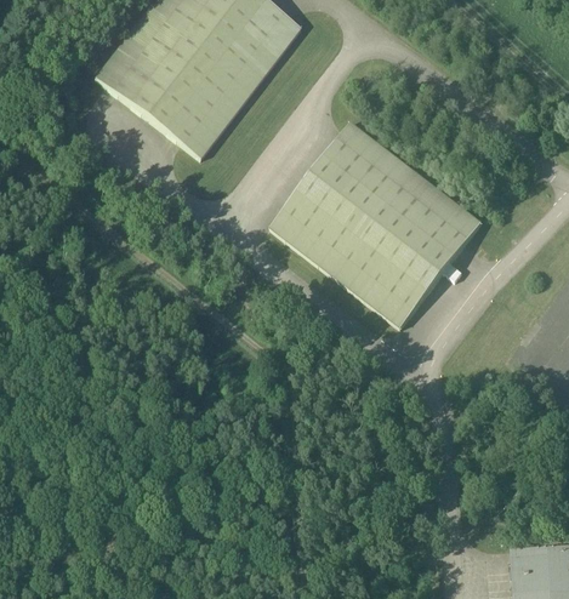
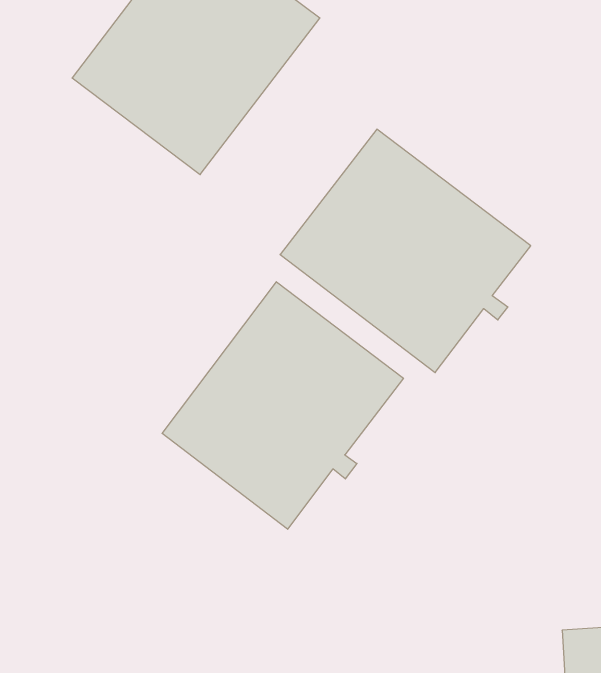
building: none -> [162,282,403,529]

